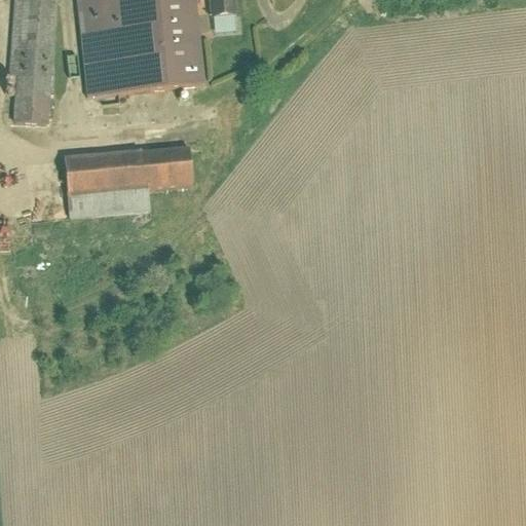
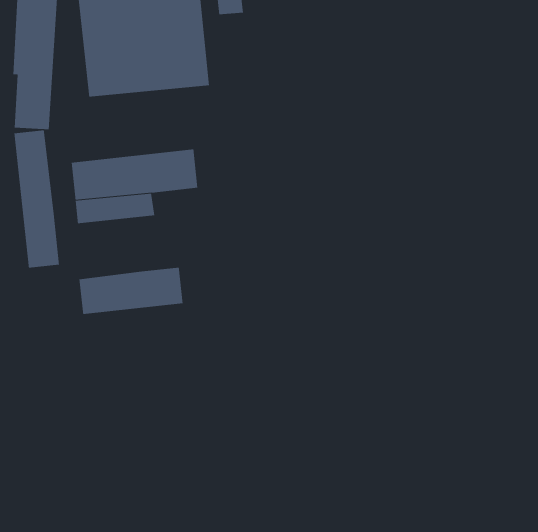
building: none -> [14,130,60,268]
building: none -> [79,267,183,315]

